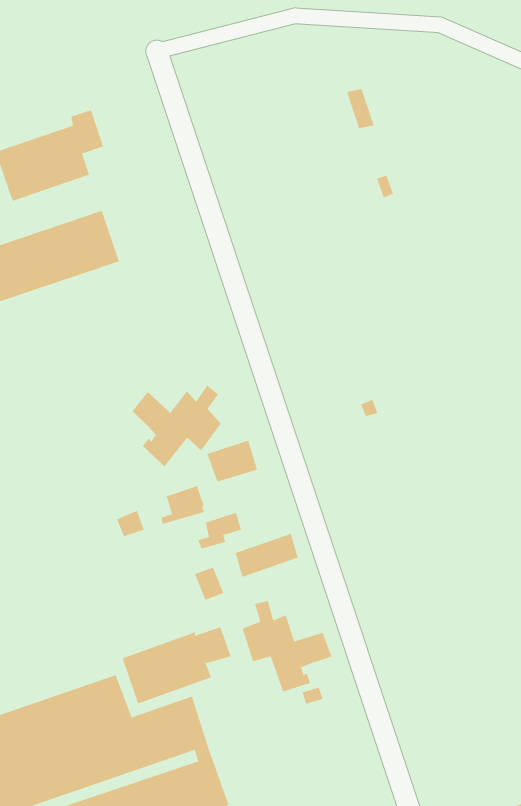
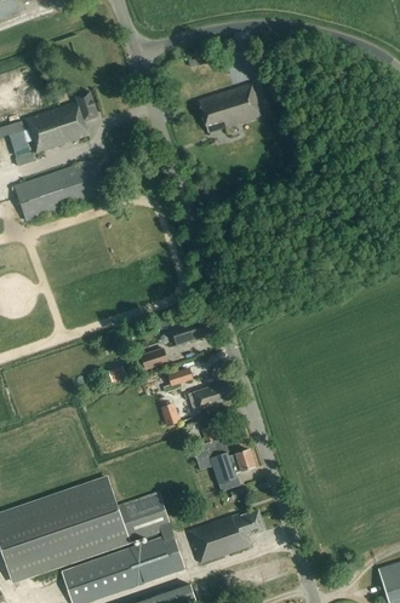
building: none -> [198,82,263,132]
building: [132,384,222,467] -> none
building: [122,626,231,704] -> [189,509,264,562]

